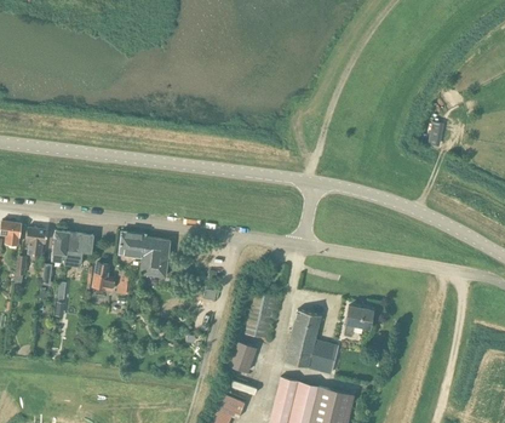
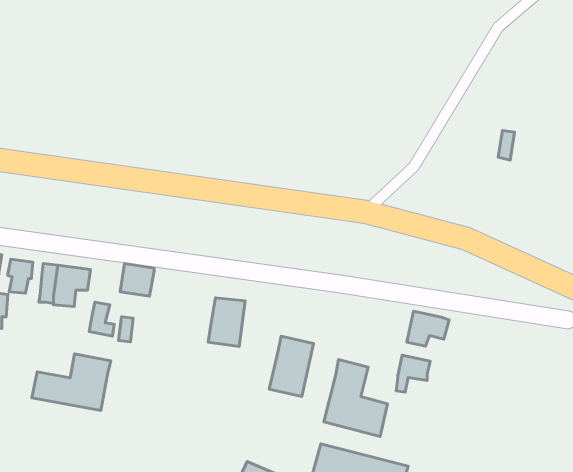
building: [140,236,171,276] -> [208,298,245,347]
building: none -> [407,311,449,346]
building: none -> [32,354,111,410]
building: [226,341,256,372] -> none

